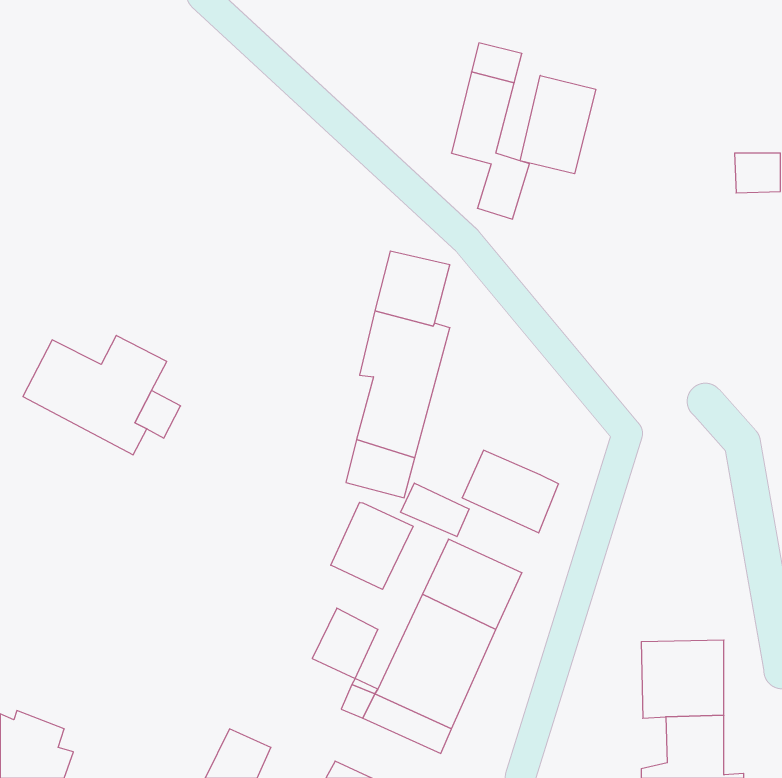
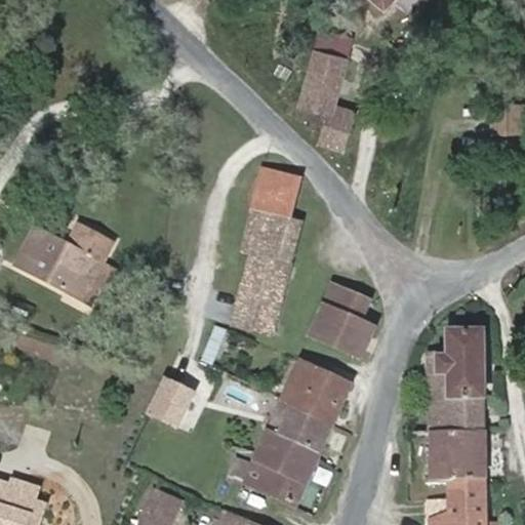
building: [520,75,596,174] -> none
building: [400,483,469,537] -> [324,282,370,318]
building: none -> [429,329,485,430]
building: [331,502,413,589] -> none
building: [312,608,378,678] -> [149,378,193,426]

